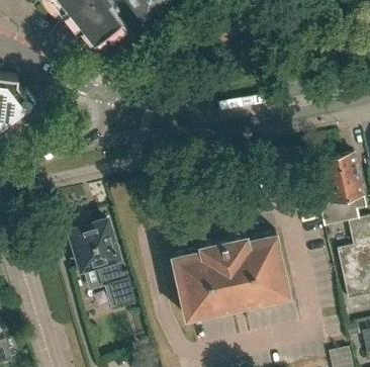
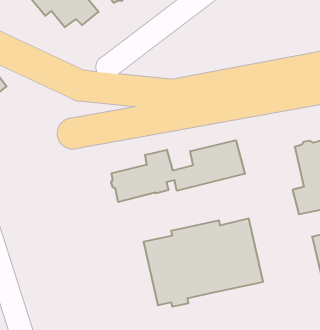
building: none -> [111,140,245,202]
building: [70,220,134,307] -> none

